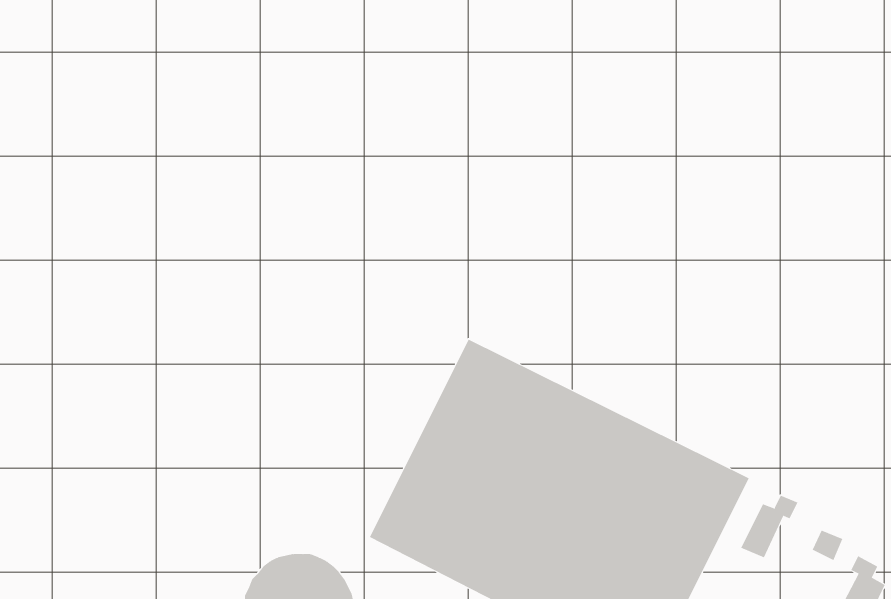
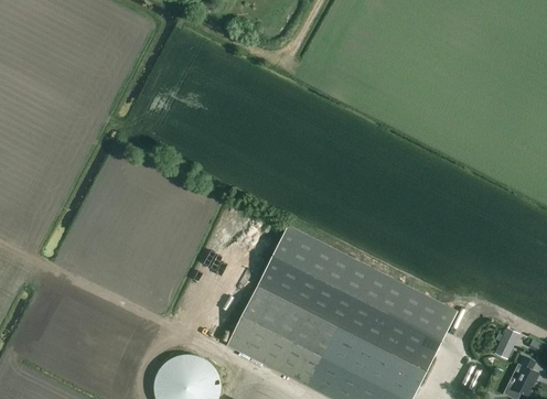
building: [741,495,798,558] -> none

